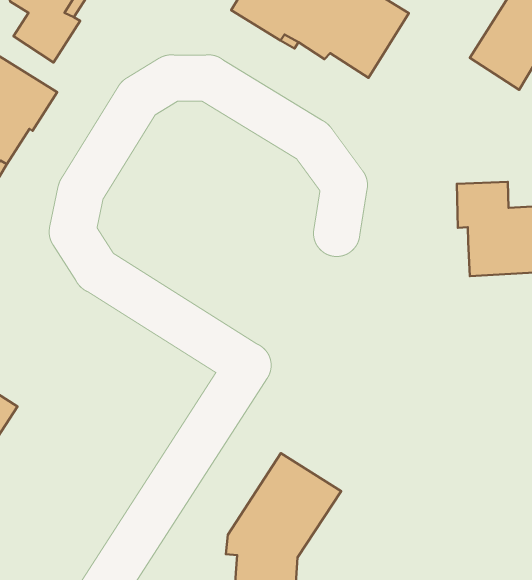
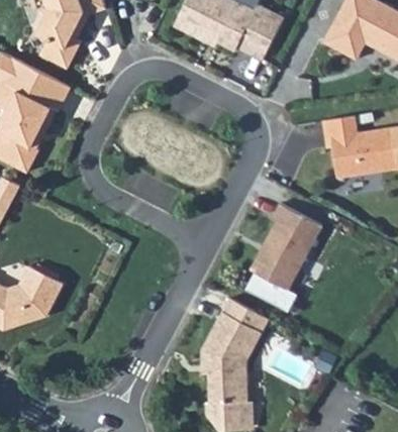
building: none -> [244,203,321,312]

